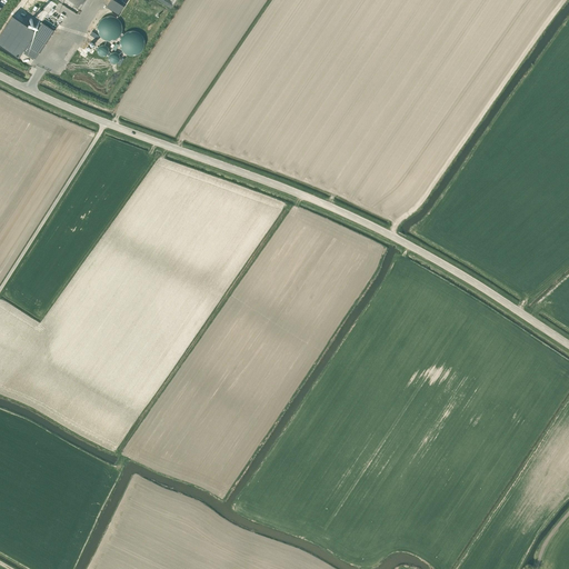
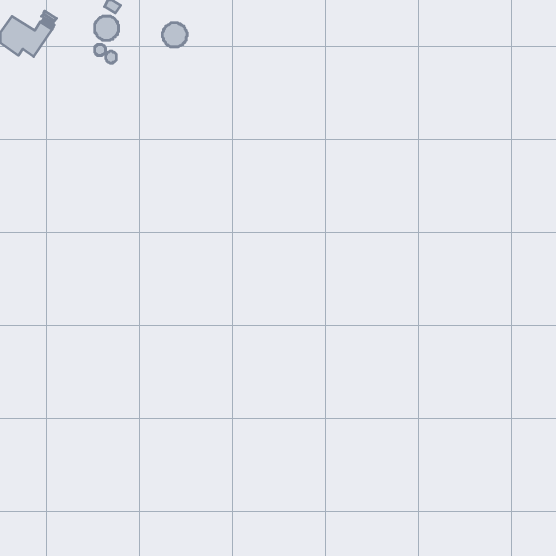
building: [119,31,144,56] -> [162,23,187,47]

